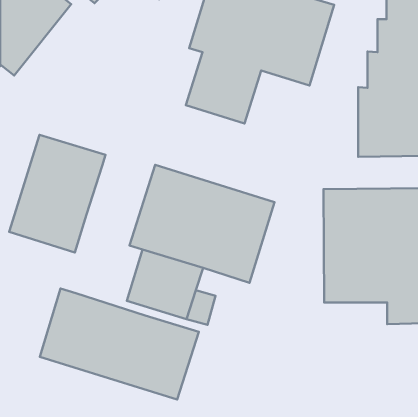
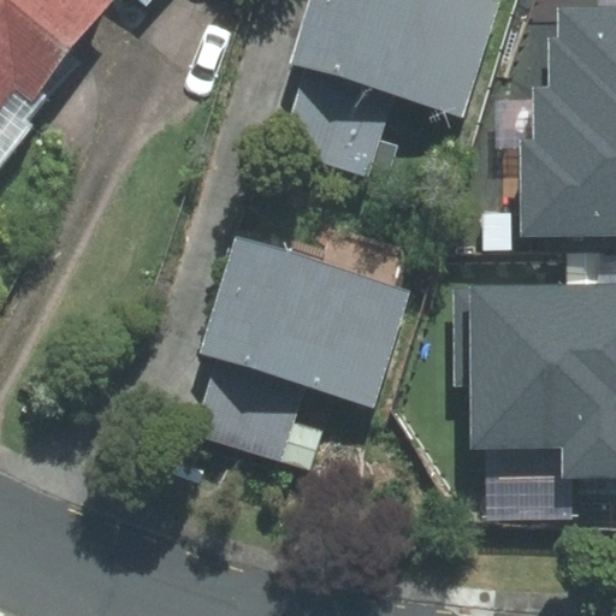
building: [9,135,106,253] -> none
building: [40,289,199,400] -> none

